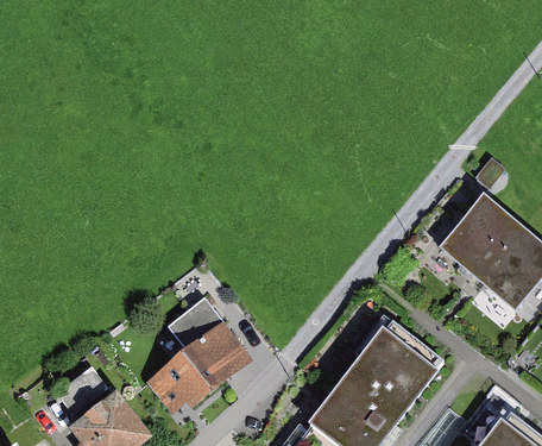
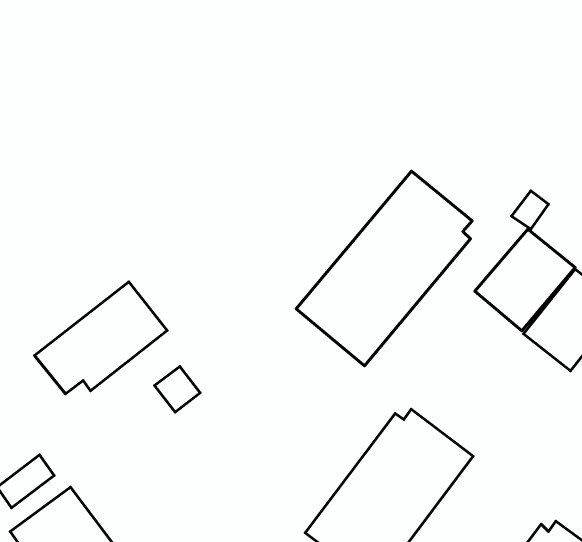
building: none -> [296,171,472,366]
building: [143,328,250,419] -> [34,282,167,394]

